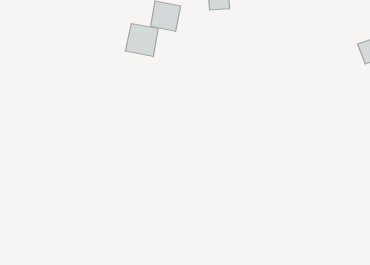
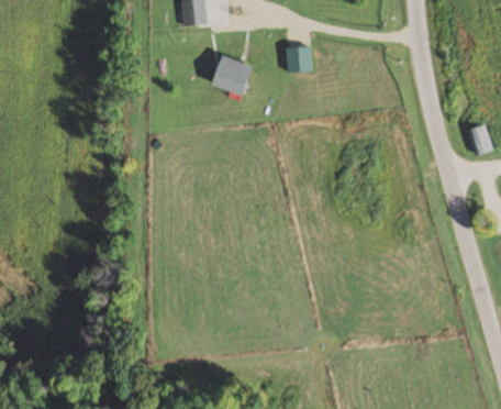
building: [125,23,158,57] -> none

